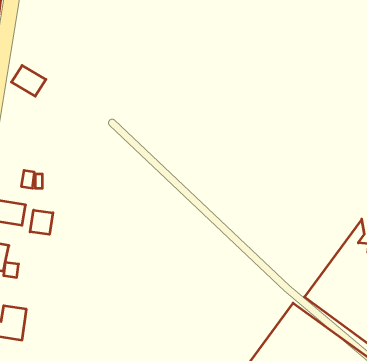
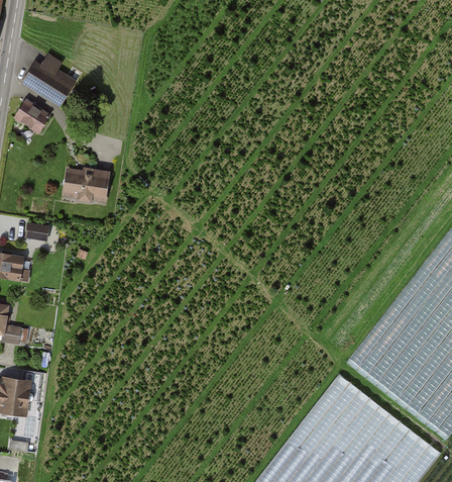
building: none -> [21,59,76,107]
building: none -> [67,172,108,203]
building: [30,210,53,234] -> none

